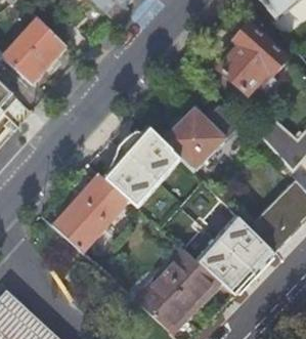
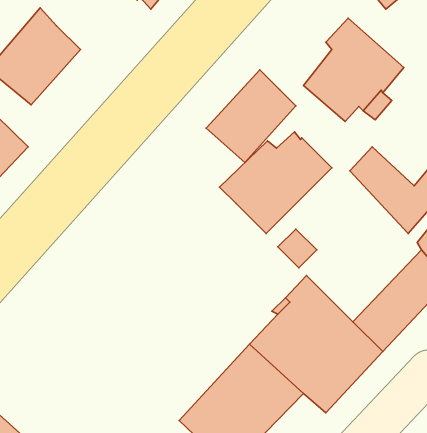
building: [112,127,173,190] -> [206,70,296,163]
building: [53,174,129,253] -> none

